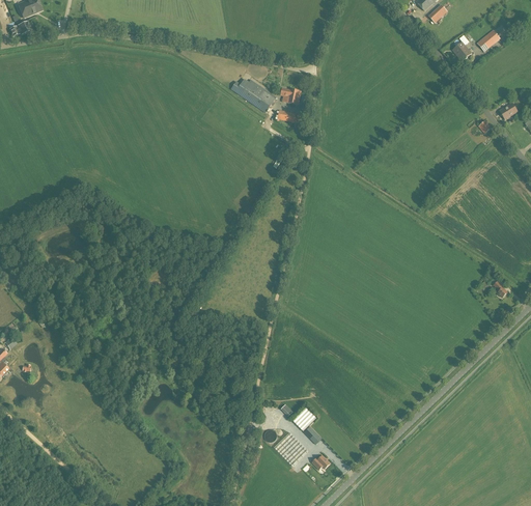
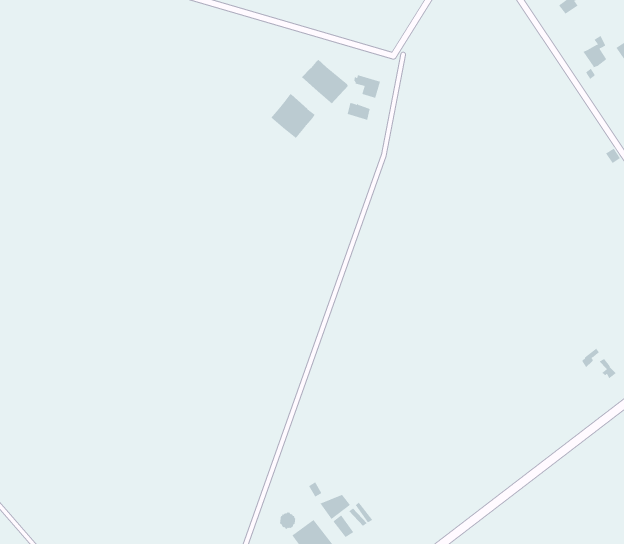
building: none -> [271,94,316,139]

